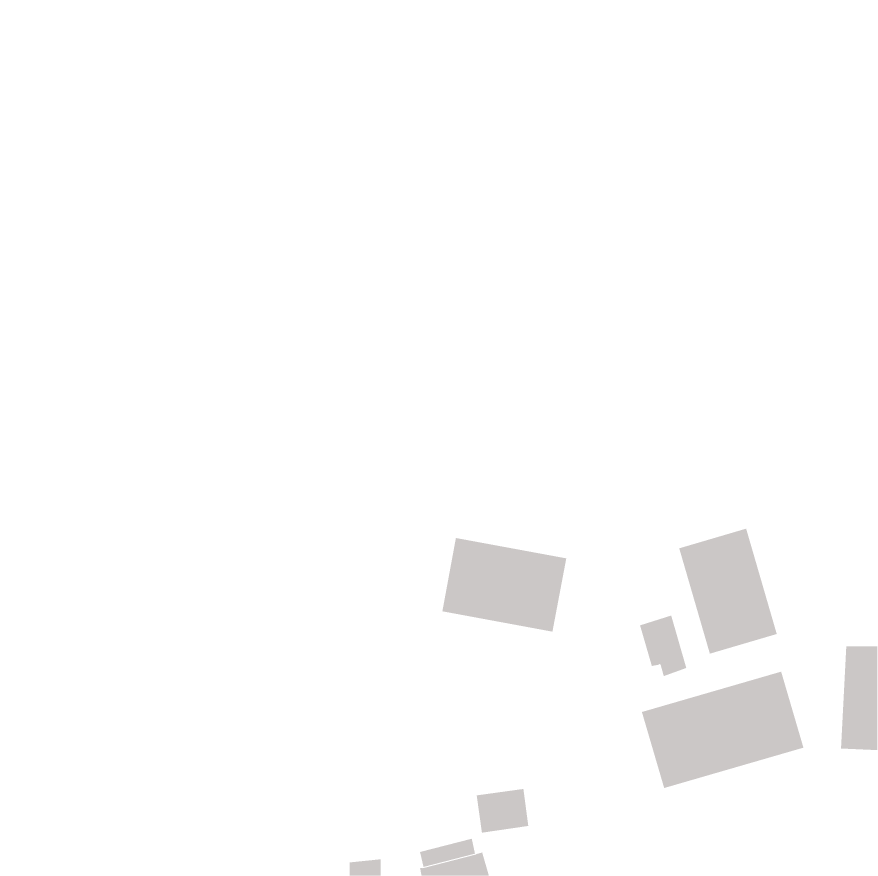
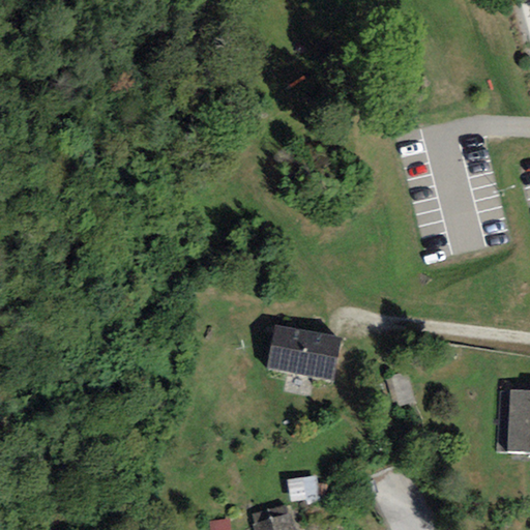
building: [679,528,778,654] -> none
building: [641,671,804,789] -> none

